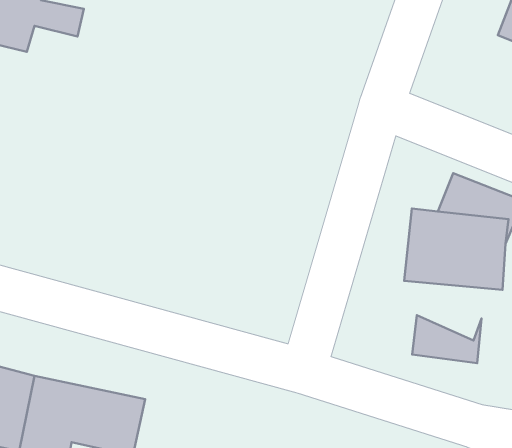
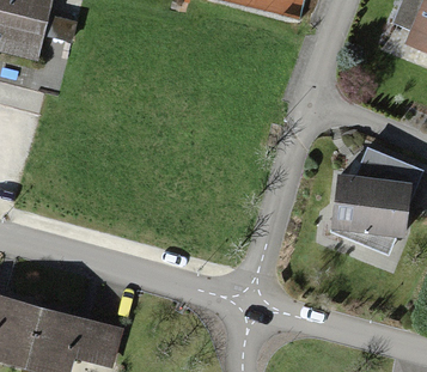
building: [412,315,482,363] -> none

